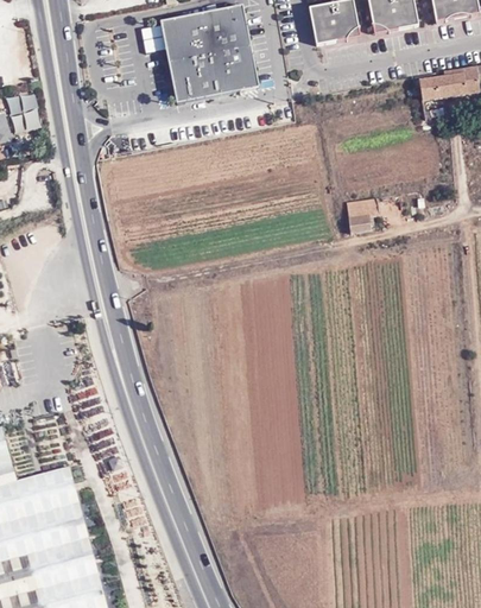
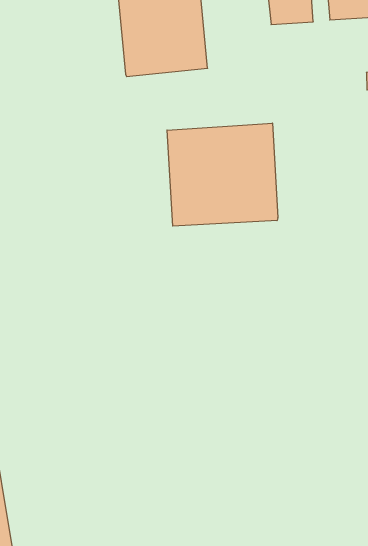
building: none -> [167,123,278,226]
building: [343,196,376,230] -> none

